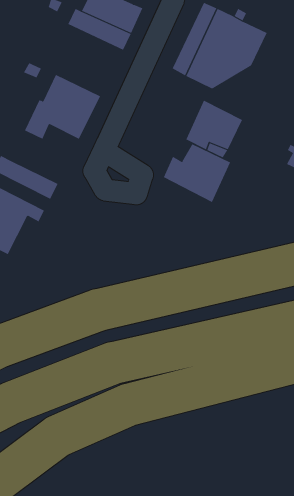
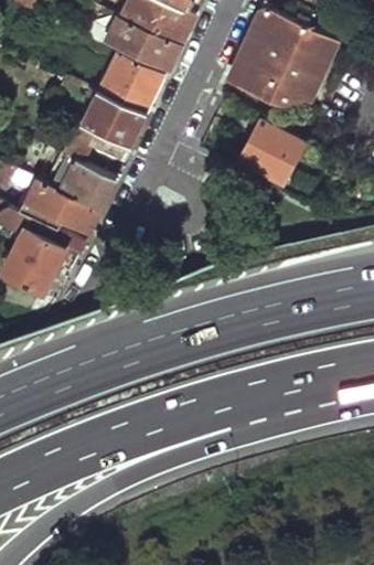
building: none -> [96,53,165,115]
building: none -> [47,154,115,213]
building: [163,143,231,203] -> none

